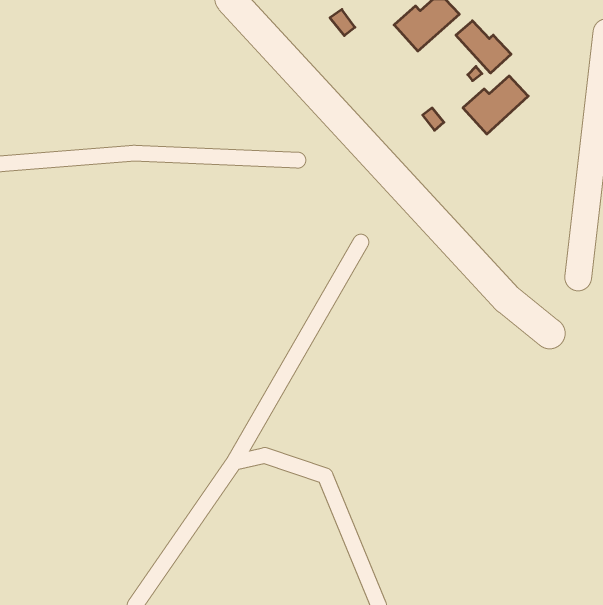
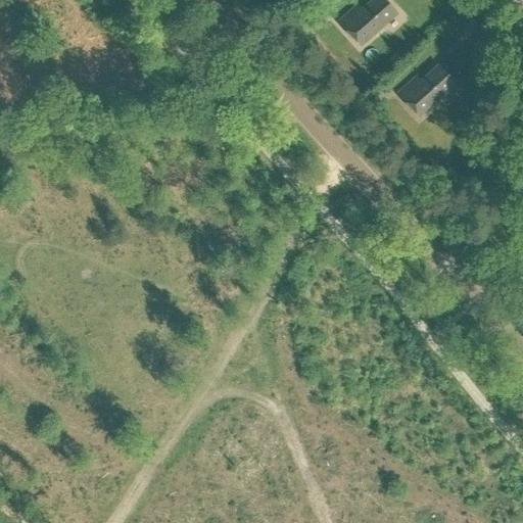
building: [456,21,511,73] -> none

